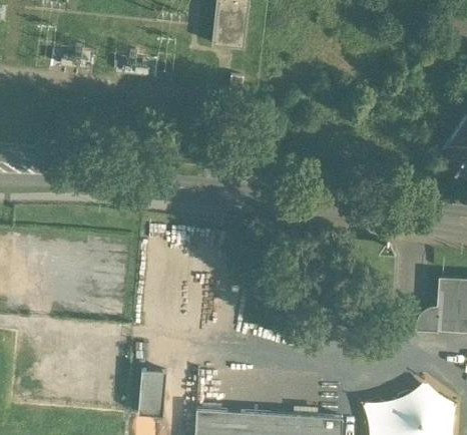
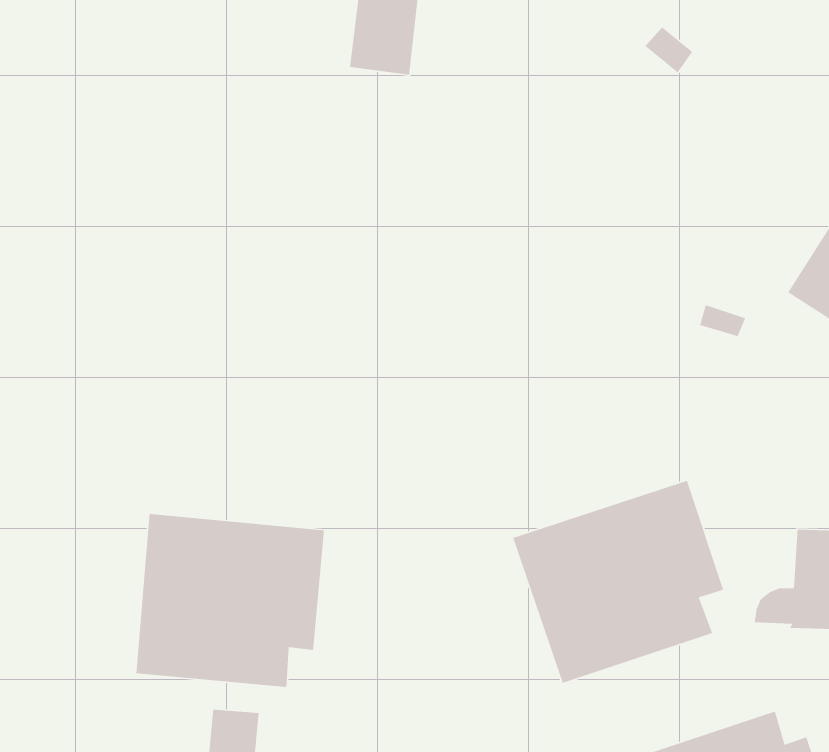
building: none -> [512,480,724,684]
building: none -> [136,513,325,688]

